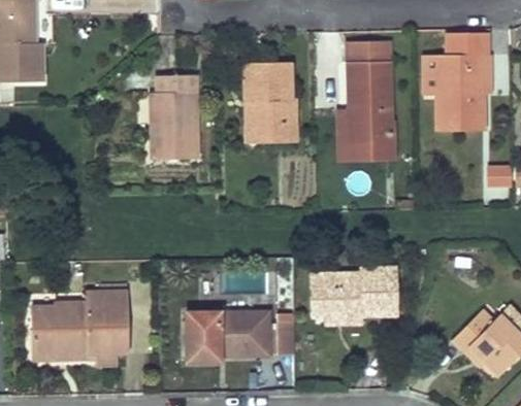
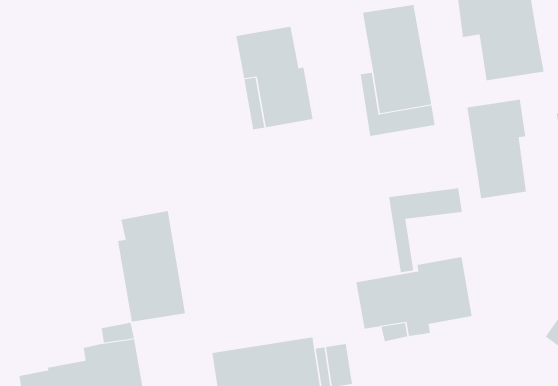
building: [152,75,197,159] -> [117,211,186,322]
building: none -> [467,99,526,199]
building: none -> [389,187,462,273]

